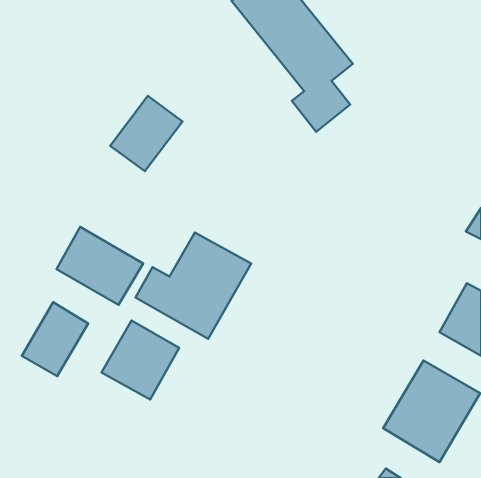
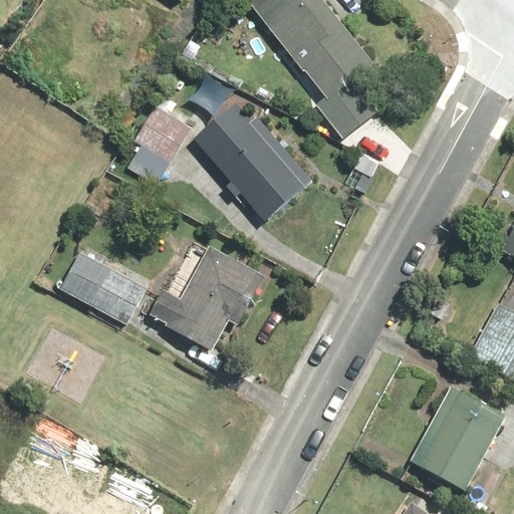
building: none -> [195,102,313,220]
building: [22,302,88,376] -> none
building: [102,320,179,400] -> none

